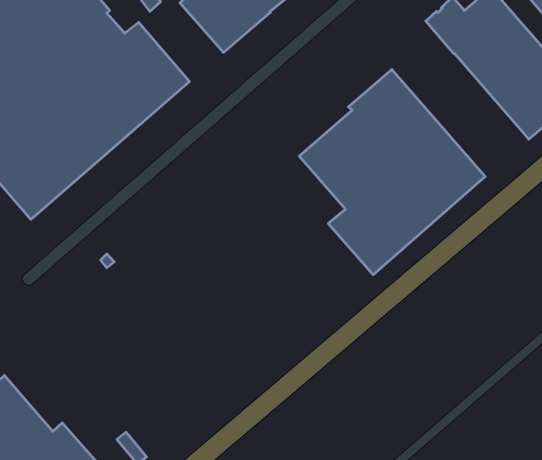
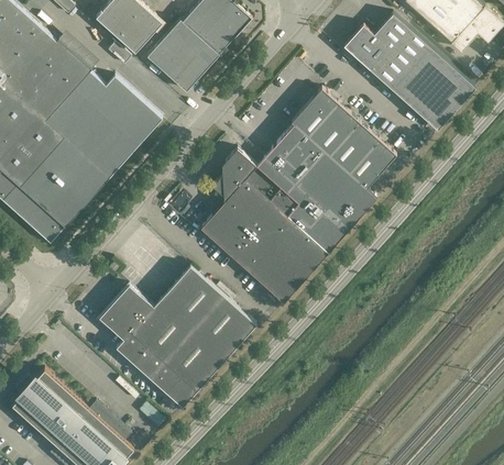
building: none -> [201,148,327,301]
building: none -> [98,266,255,408]

